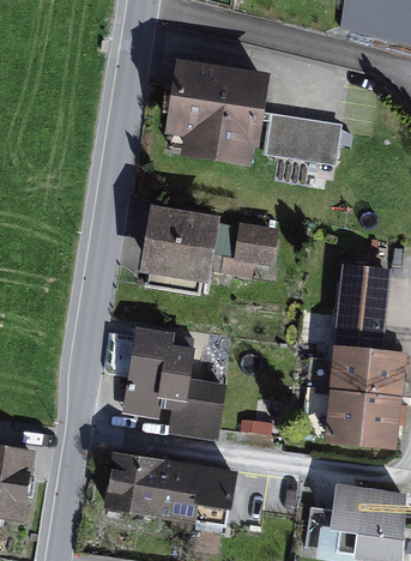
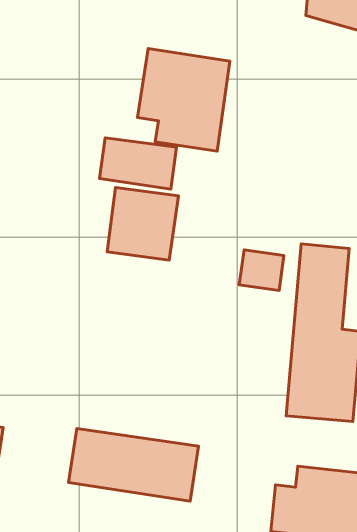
building: [266,107,345,159] -> [99,138,177,189]
building: [235,222,280,264] -> [239,250,284,291]
building: [121,325,224,434] -> none

